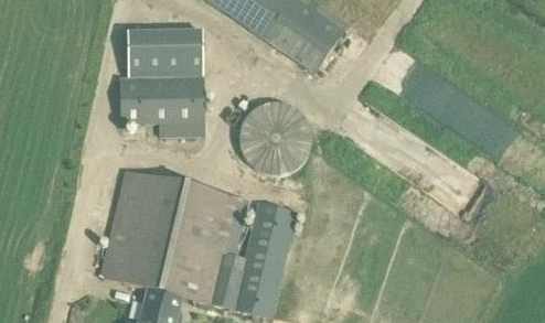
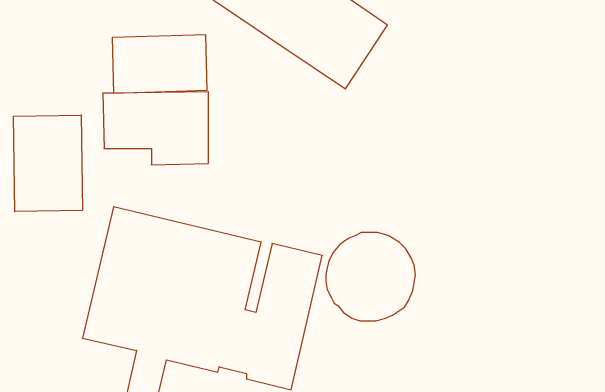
building: none -> [14,115,83,212]
building: [238,101,311,173] -> [326,233,415,321]

